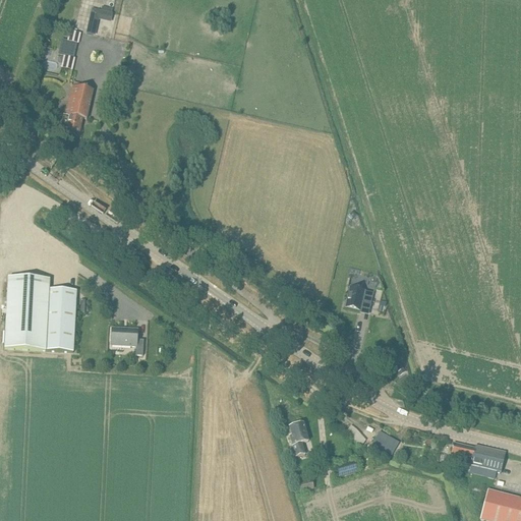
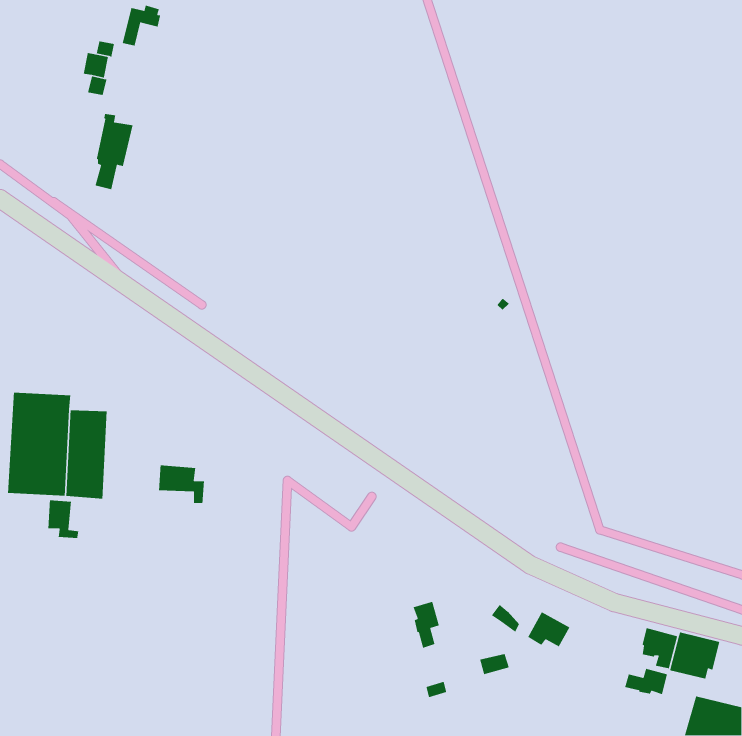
building: [345,285,373,313] -> none
building: none -> [48,499,79,539]
building: none -> [624,668,668,695]

